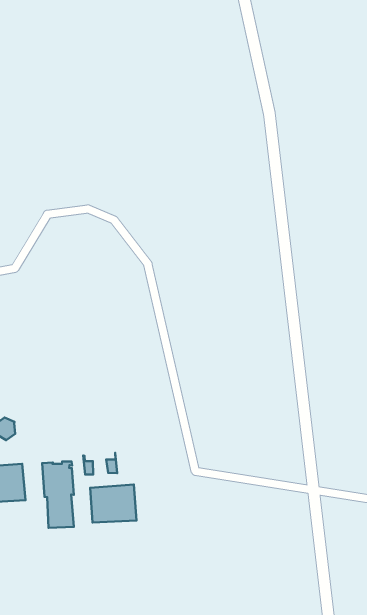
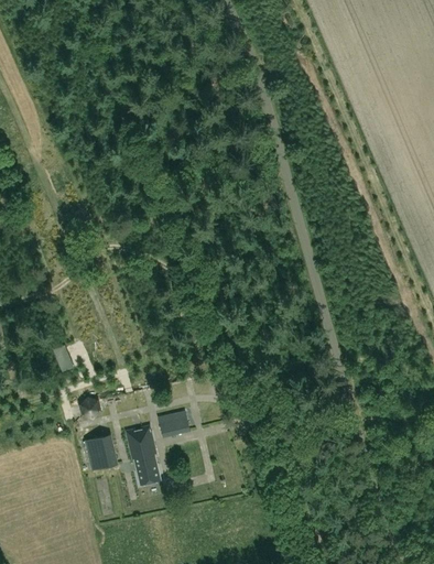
building: [90,485,137,522] -> none

